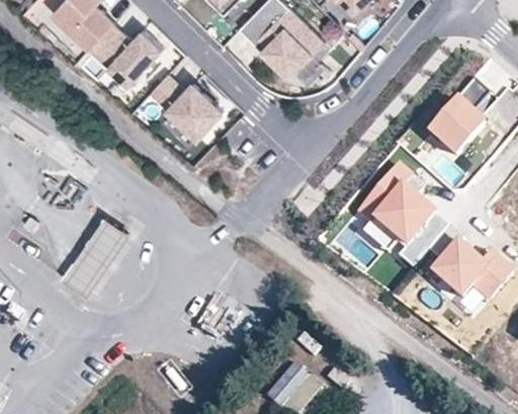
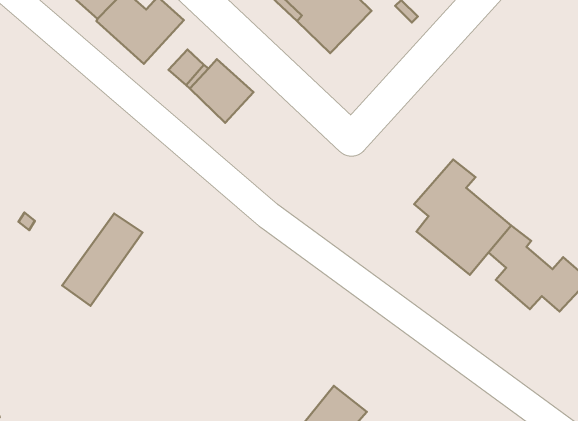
building: [428,78,487,156] -> none

